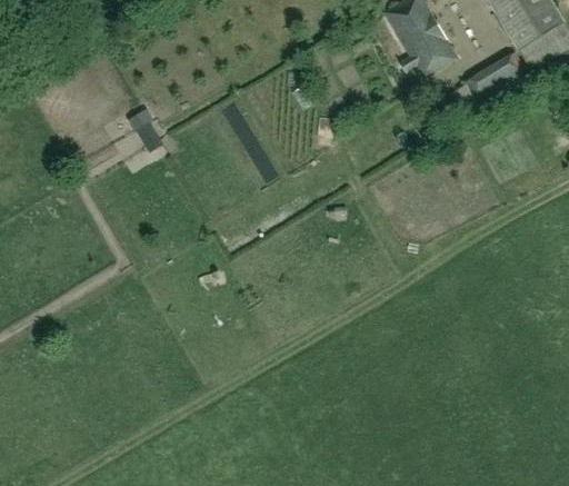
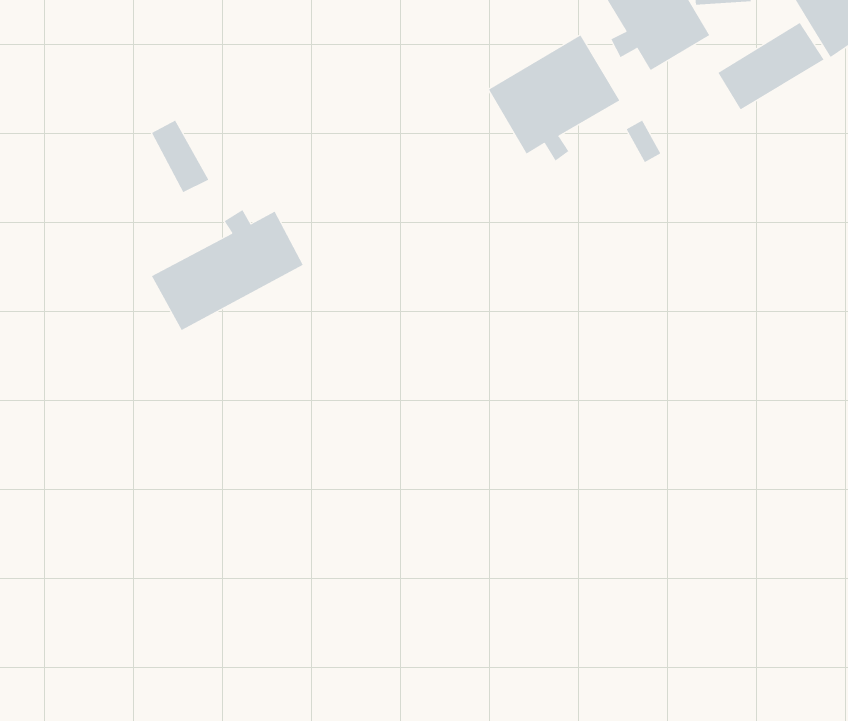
building: none -> [488,35,620,161]
building: none -> [151,209,304,331]

